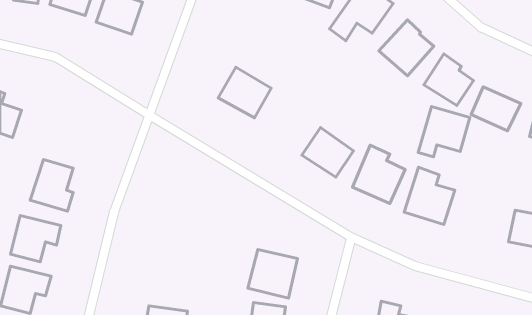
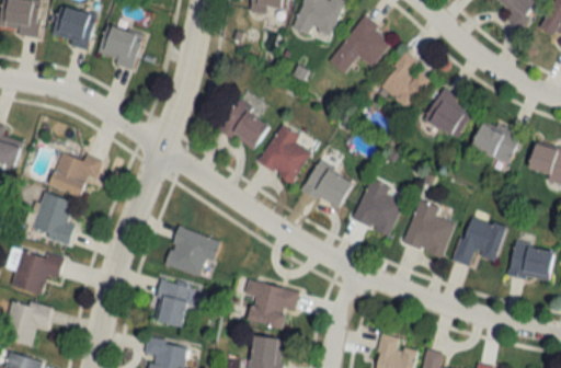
building: none -> [259,125,312,184]
building: [418,106,470,157] -> [455,215,506,265]
building: none -> [49,151,103,195]
building: none -> [165,226,221,275]
building: none -> [152,278,195,326]

